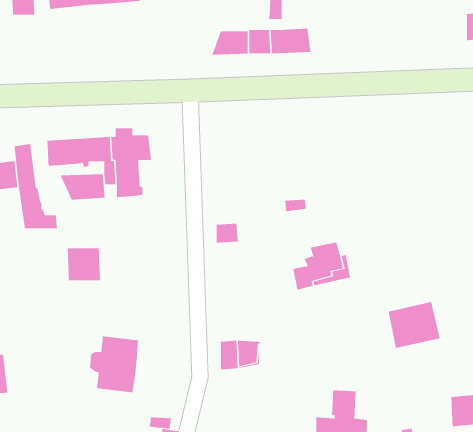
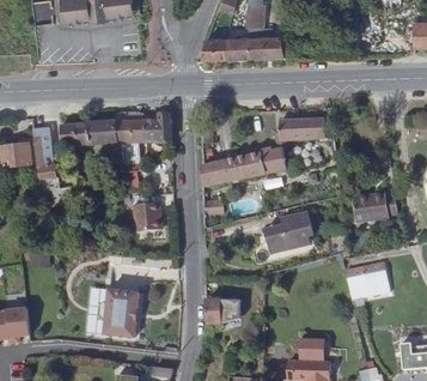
building: none -> [147,116,172,143]
building: none -> [281,116,328,139]
building: none -> [203,146,288,186]
building: [60,173,105,201] -> none
building: none -> [356,192,401,222]
building: [67,248,101,281] -> [132,200,160,228]

